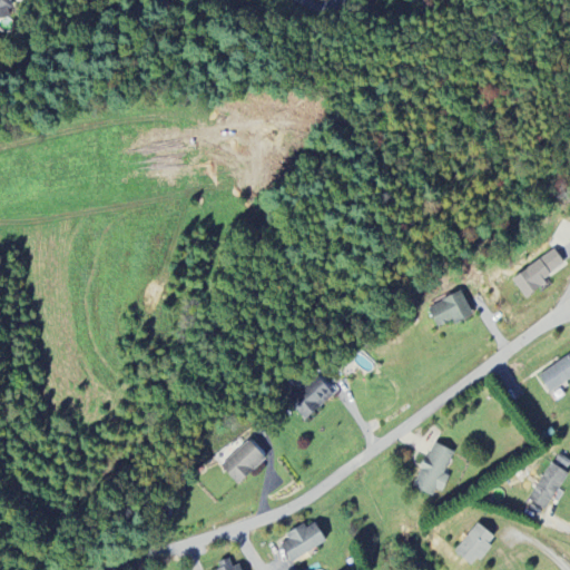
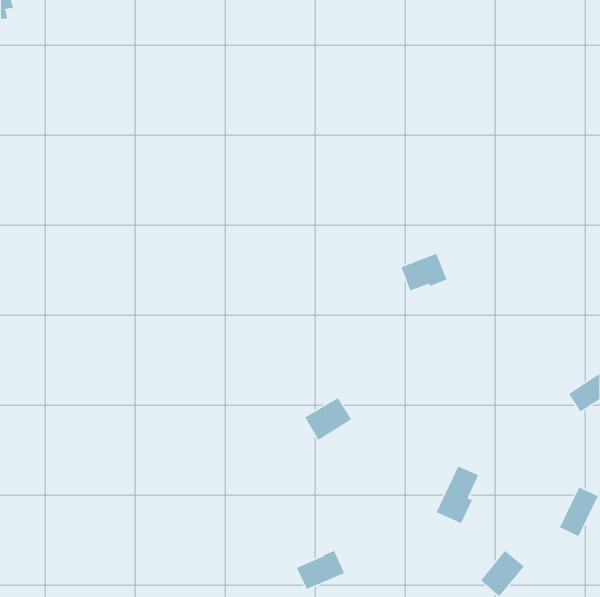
building: [512,248,564,296] -> none
building: [428,289,472,326] -> [400,253,447,292]
building: [222,439,267,483] -> none

